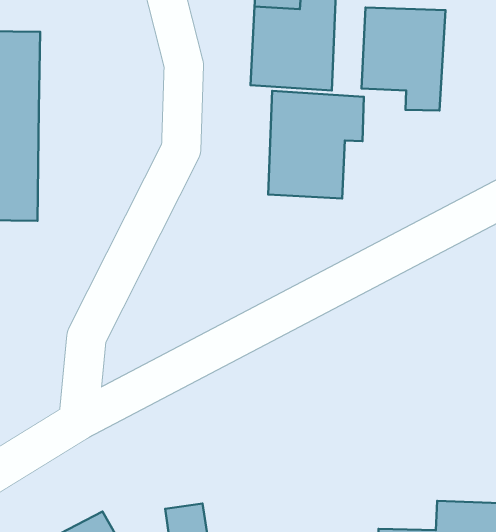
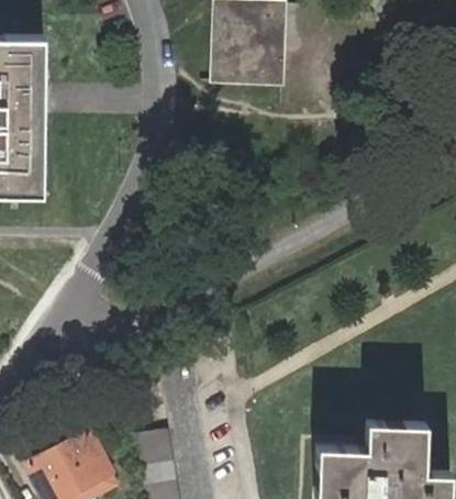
building: [361,7,446,111] -> none
building: [268,91,364,198] -> none

